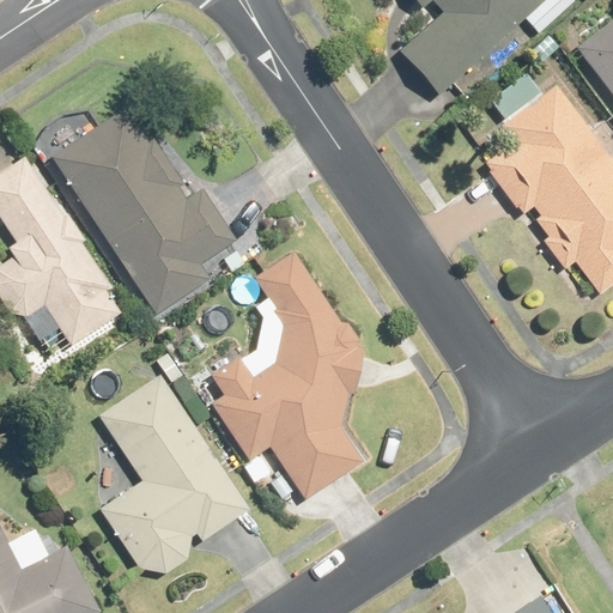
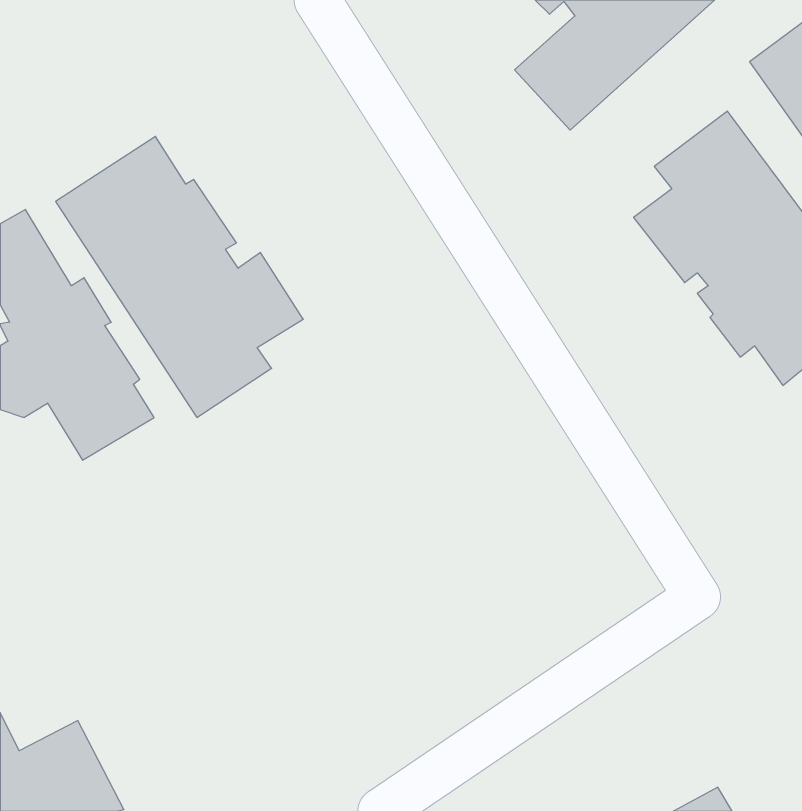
building: [206,250,364,498] -> none
building: [98,372,253,571] -> none

